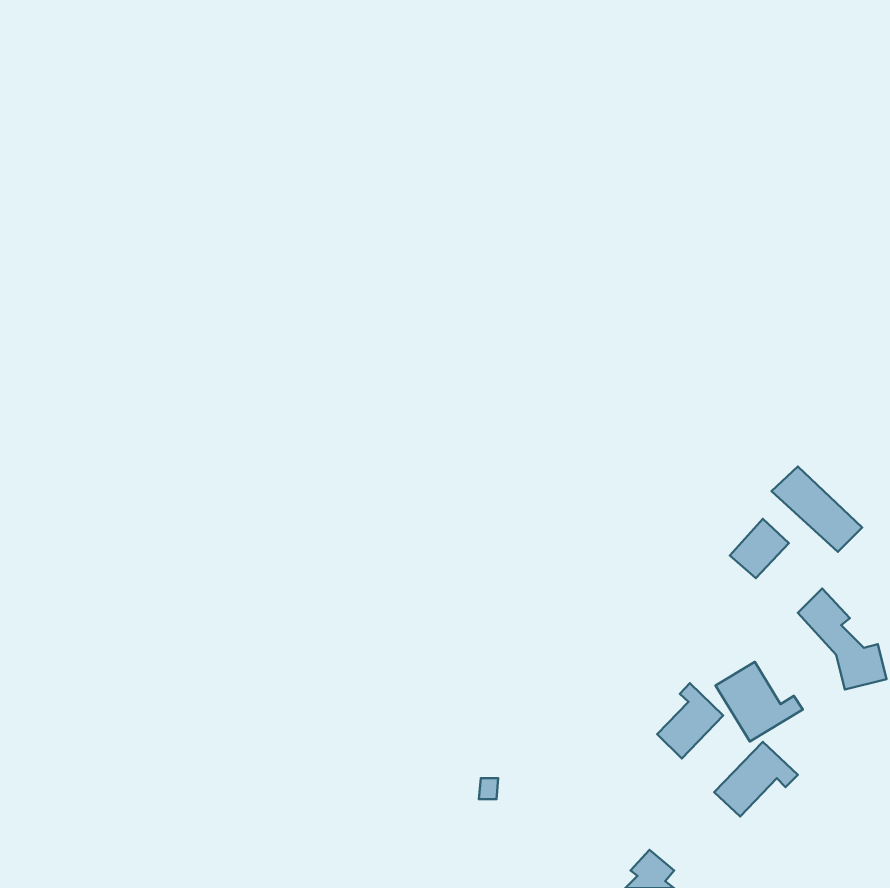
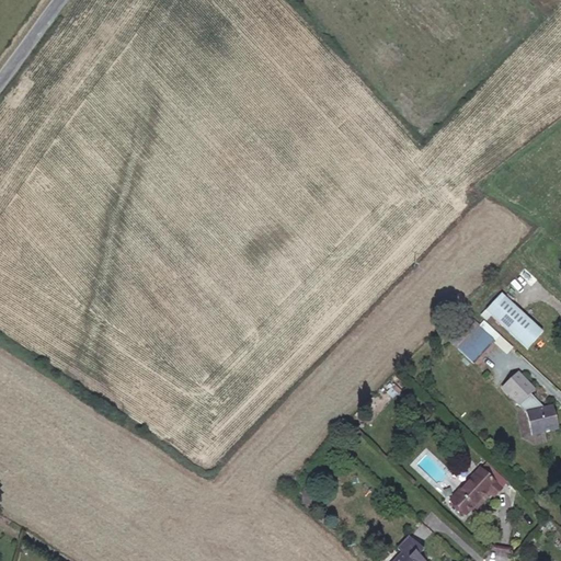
building: [715,662,803,741] -> none
building: [657,683,723,758] -> none

